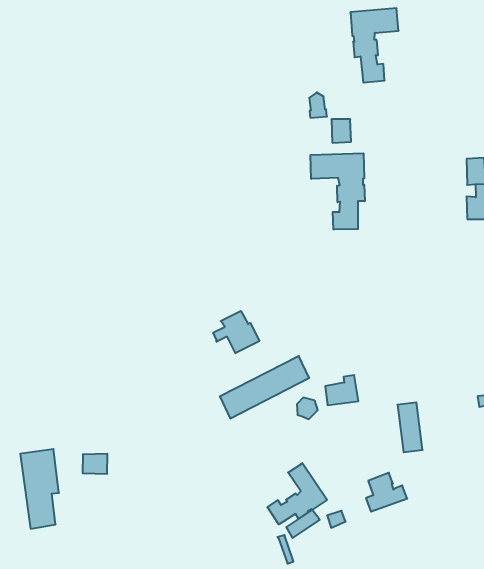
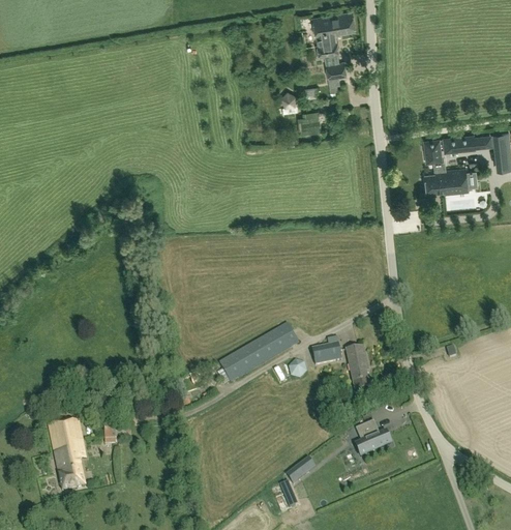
building: [311,153,365,230] -> none
building: [213,311,259,353] -> none
building: [397,402,423,452] -> [345,347,370,391]
building: [267,463,327,524] -> none

